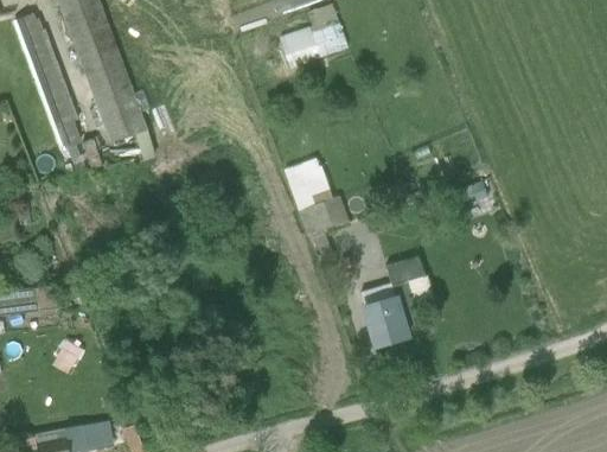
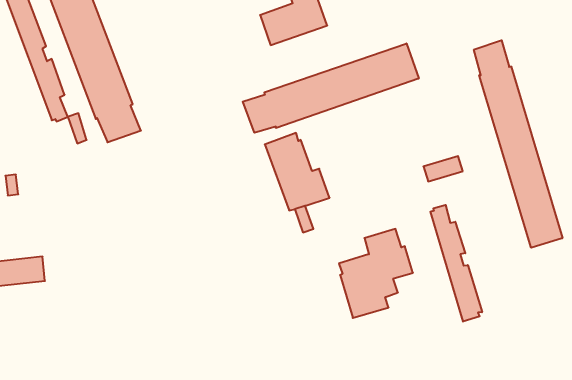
building: none -> [474,40,562,248]
building: none -> [243,43,419,133]
building: none -> [430,205,482,322]

